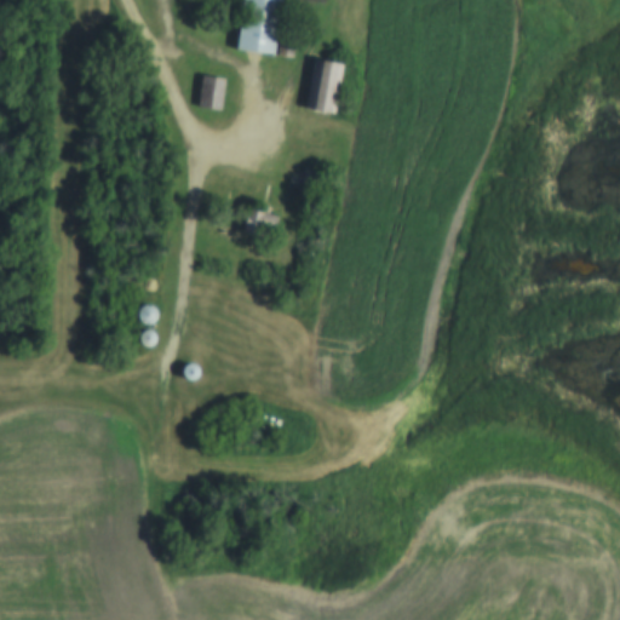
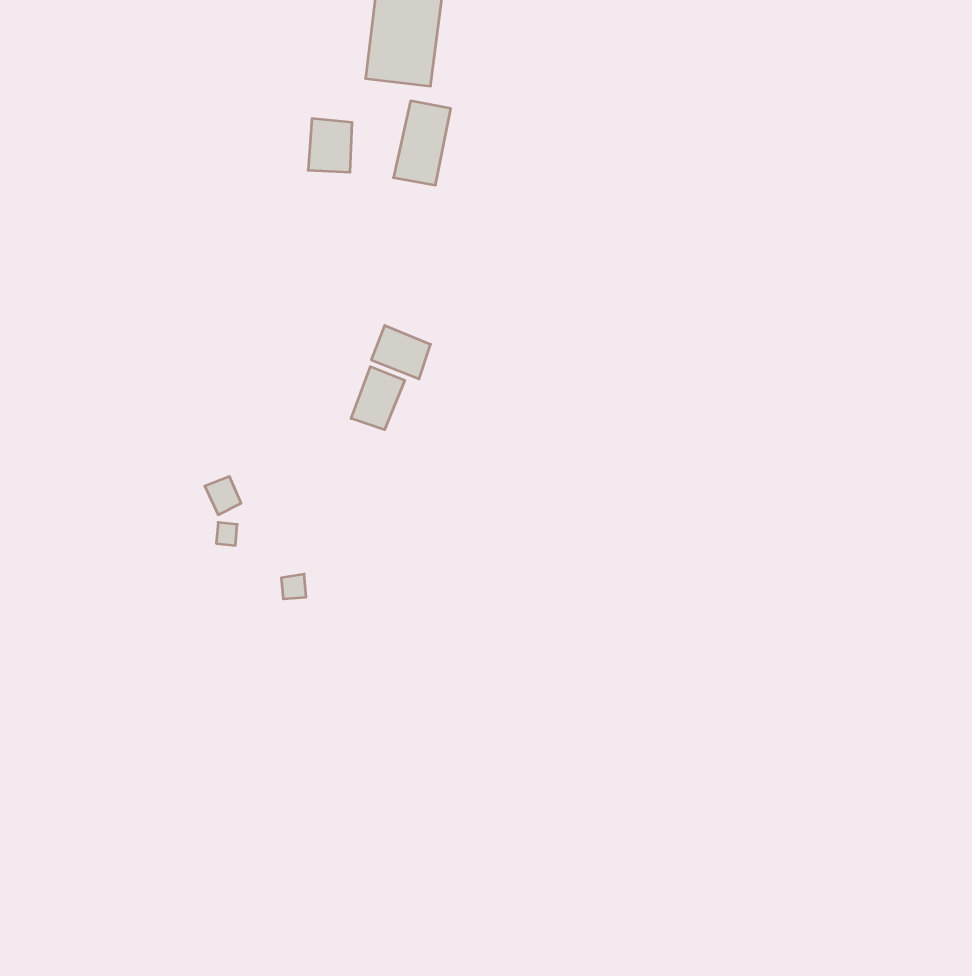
building: [308,59,344,113] -> [393,101,451,185]
building: none -> [351,367,405,430]

